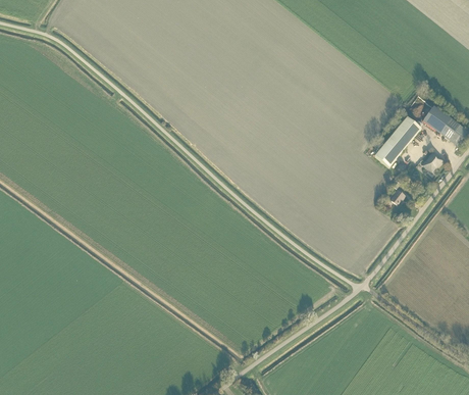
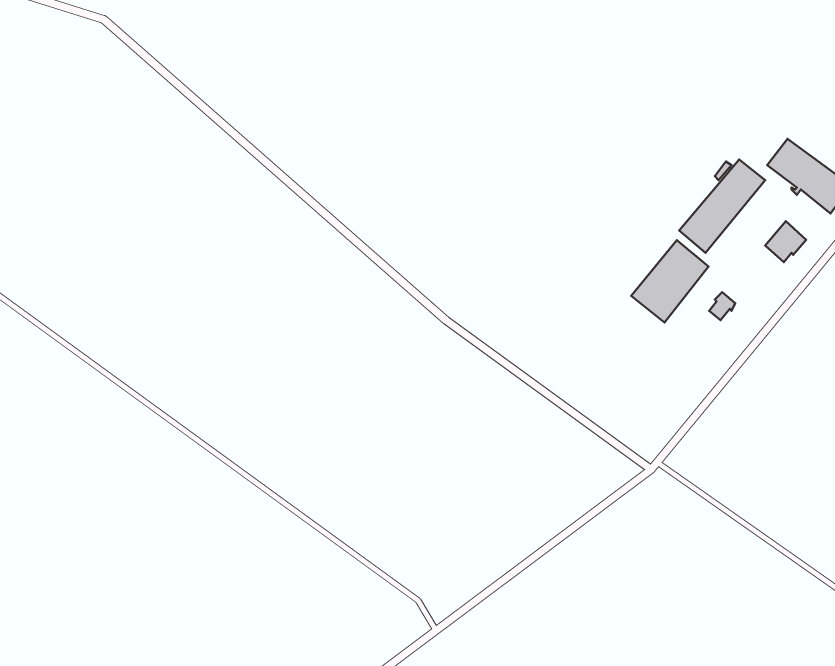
building: none -> [631,240,708,322]

